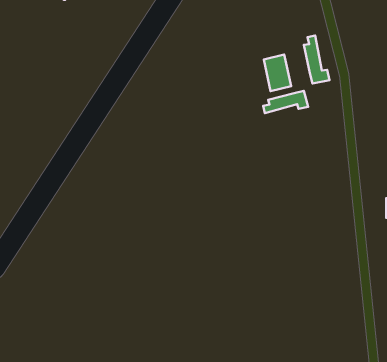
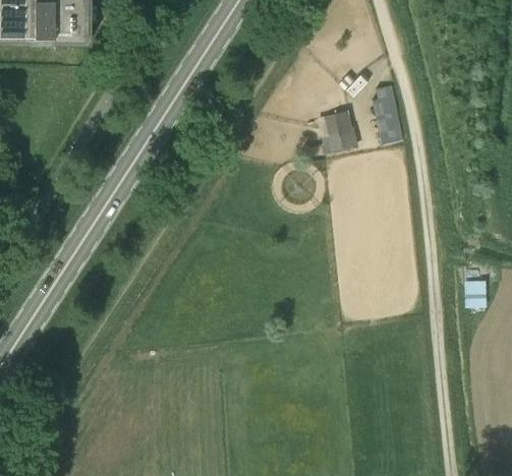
building: [263,91,308,113] -> none

